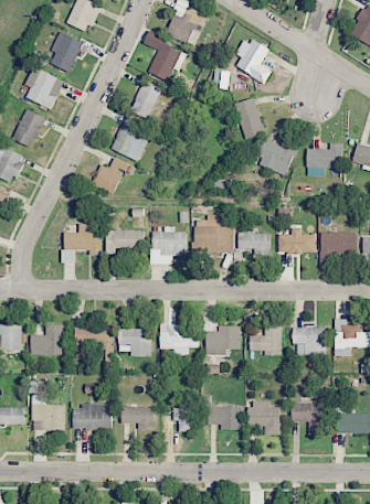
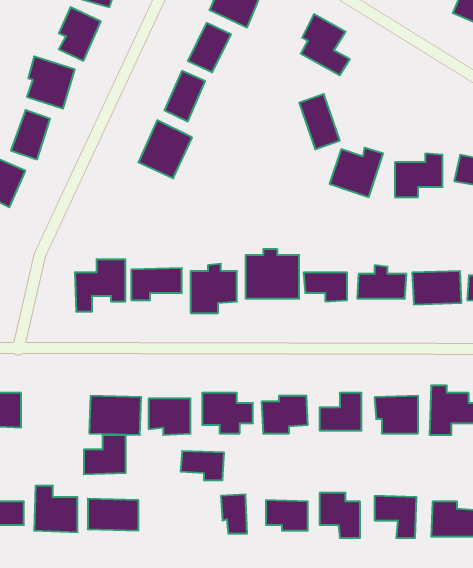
building: [93,158,127,194] -> none
building: [31,324,63,354] -> [84,435,126,474]
building: [121,407,155,429] -> [181,451,224,480]

